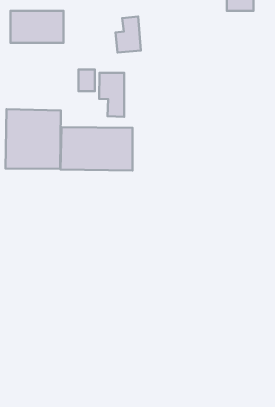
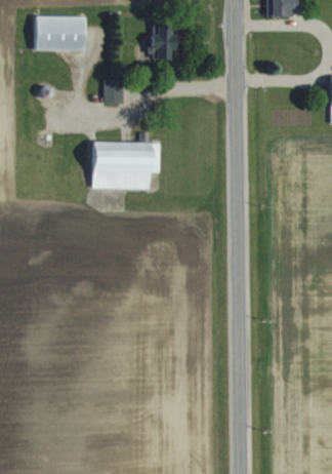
building: [99,73,124,117] -> none
building: [6,109,61,169] -> none

